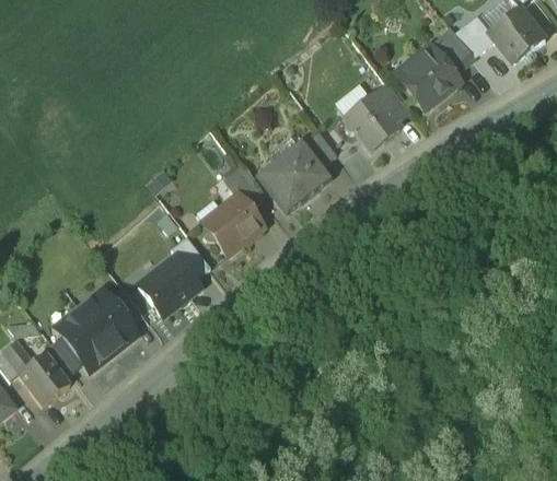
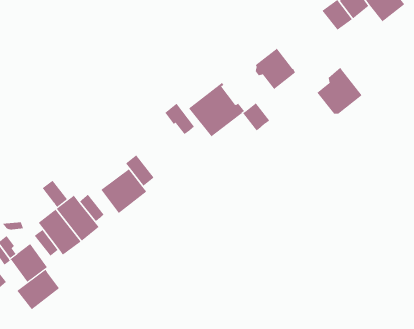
building: [398,43,460,105] -> [316,67,362,114]
building: [373,83,409,121] -> none
building: [300,131,337,169] -> [242,102,270,131]
building: [202,195,263,255] -> none
building: none -> [42,180,68,208]
building: none -> [17,269,60,310]

